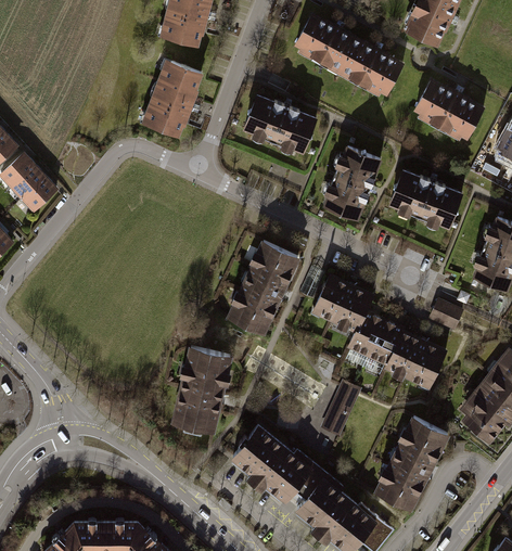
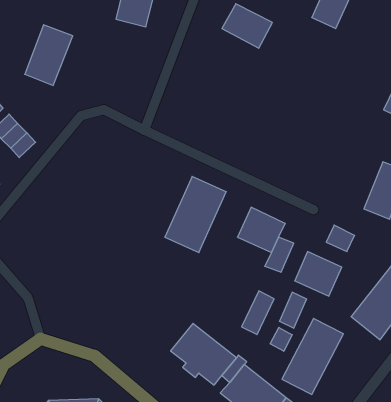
building: [340,41,404,99] -> none
building: [141,61,202,138] -> [25,25,73,85]
building: [414,82,484,142] -> none
building: [242,98,316,154] -> none
building: [323,148,380,220] -> none
building: [389,170,461,227] -> none
building: [368,321,402,367] -> [279,292,307,328]
building: [167,344,229,433] -> none
building: none -> [270,327,292,351]

